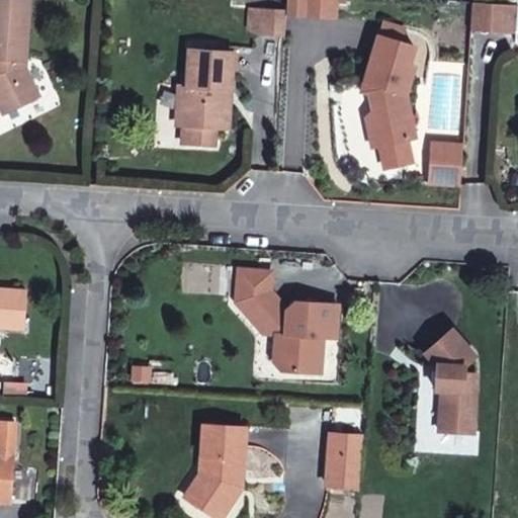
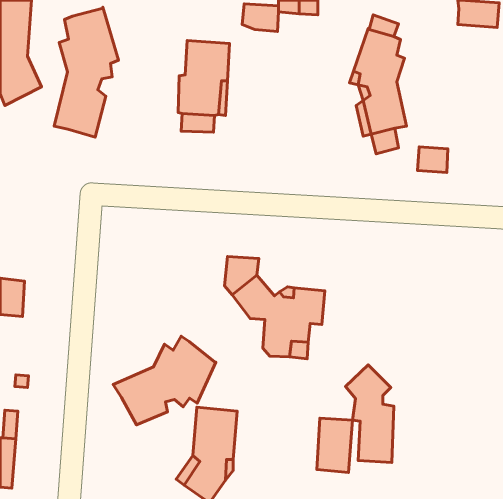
building: none -> [54,7,119,137]
building: [424,332,473,432] -> [346,365,394,463]
building: none -> [113,336,216,425]

